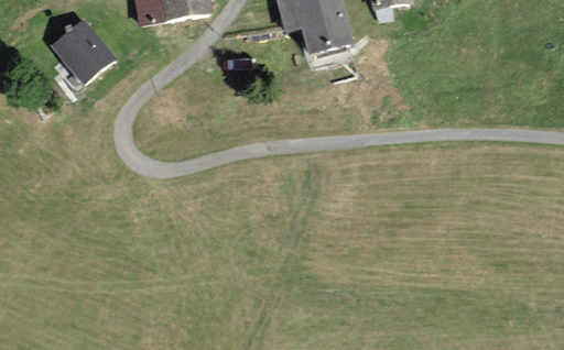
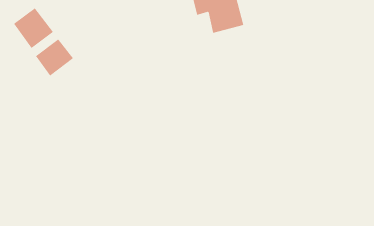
building: none -> [35,39,74,76]

